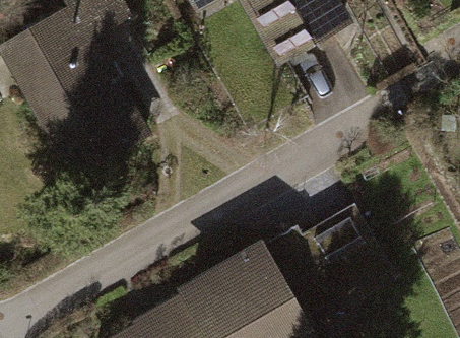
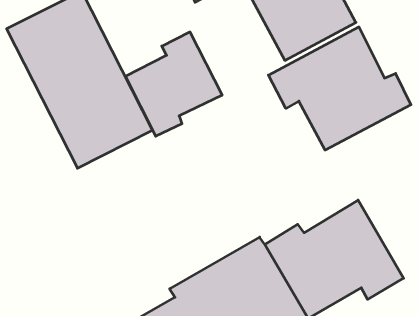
building: none -> [268,27,411,150]
building: none -> [125,32,222,136]

